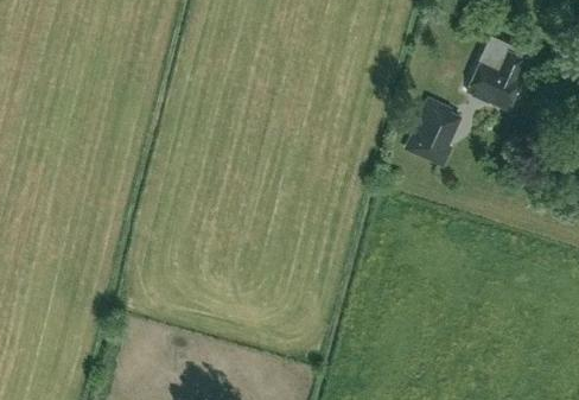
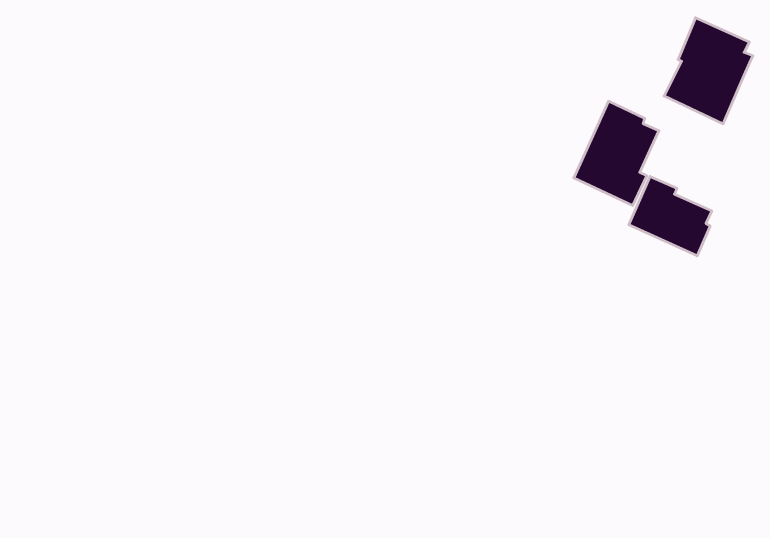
building: none -> [629,176,712,256]

